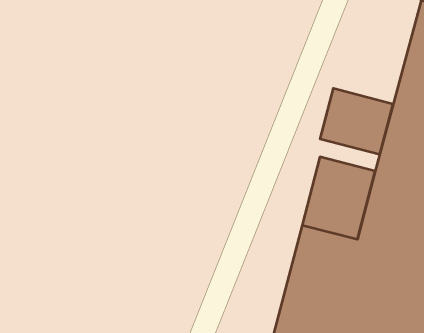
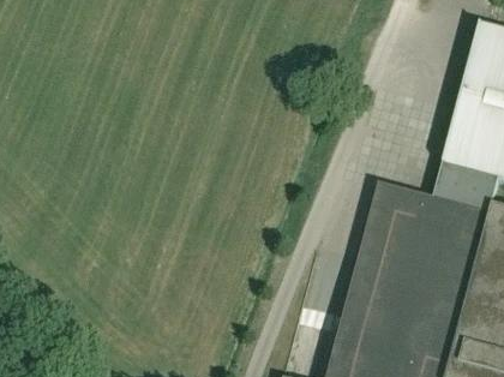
building: [320,88,393,154] -> none

